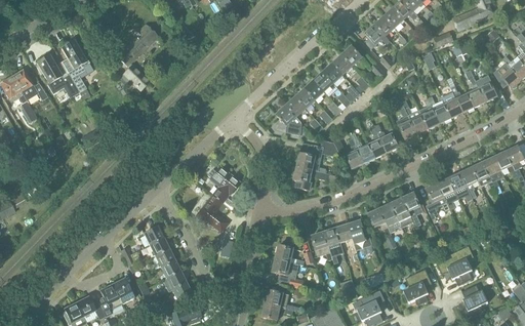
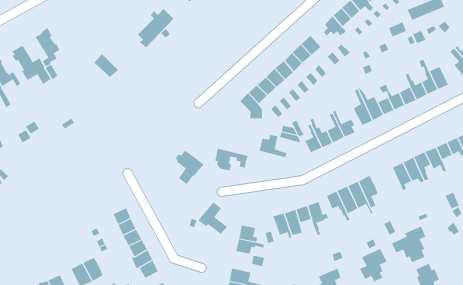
building: [118,23,157,65] -> [137,8,174,48]
building: [294,166,330,191] -> [214,148,248,171]
building: [426,184,449,218] -> none
building: [196,195,228,230] -> [198,202,228,235]

